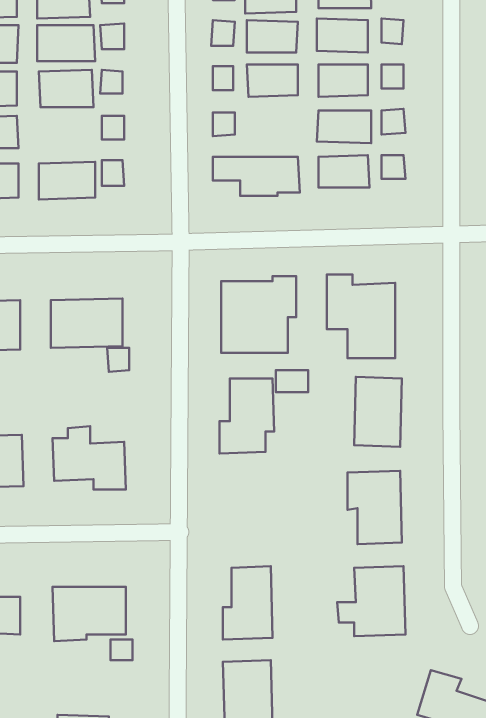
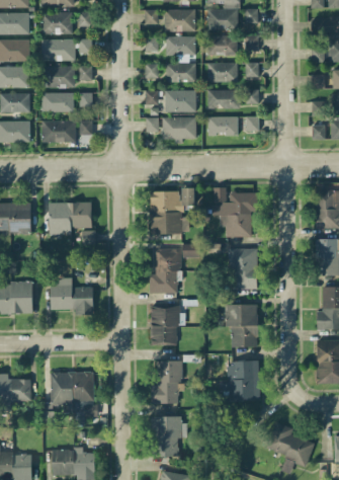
building: none -> [165,90,196,112]
building: none -> [41,92,74,112]
building: none -> [151,307,186,344]

